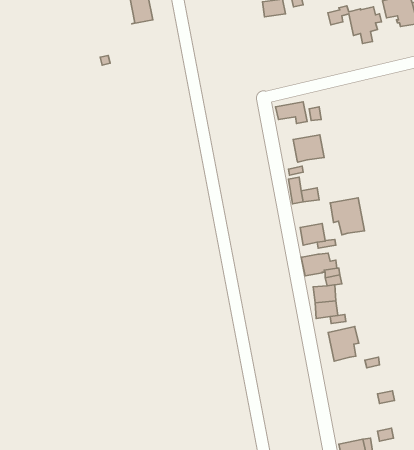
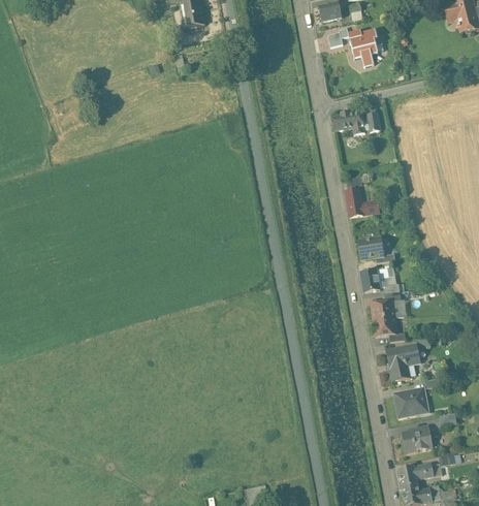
building: [328,6,381,43] -> [326,28,382,67]
building: [293,135,324,162] -> none
building: [330,198,365,235] -> none
building: none -> [395,386,427,415]
building: none -> [402,424,433,452]

